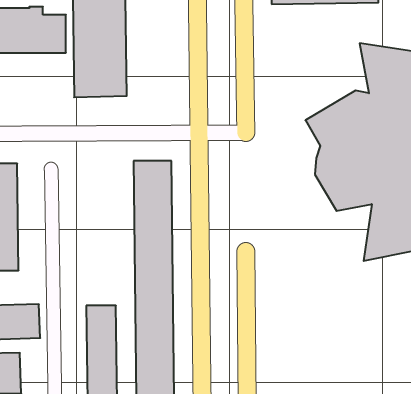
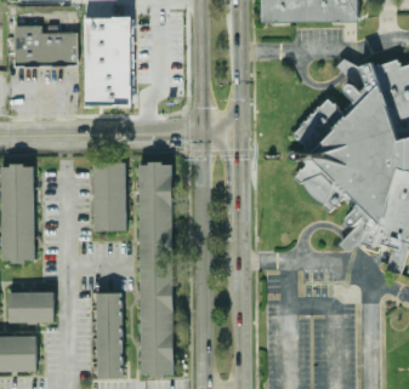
building: none -> [92,161,126,230]

